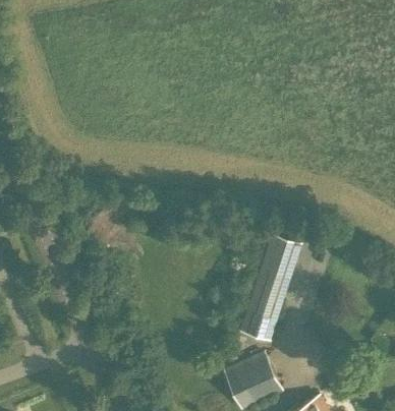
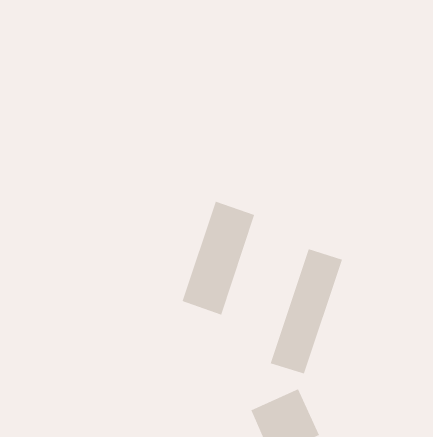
building: none -> [182,201,255,315]

